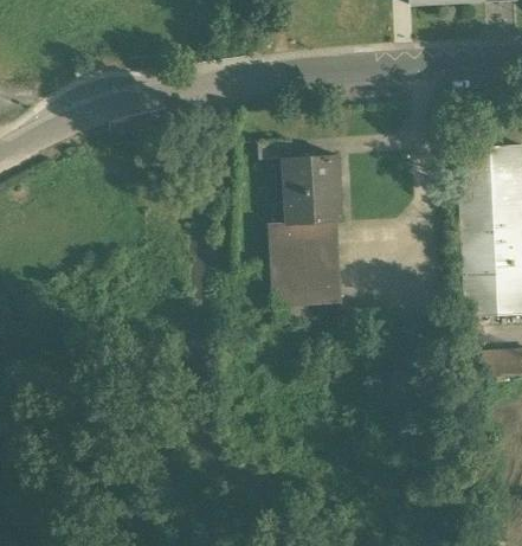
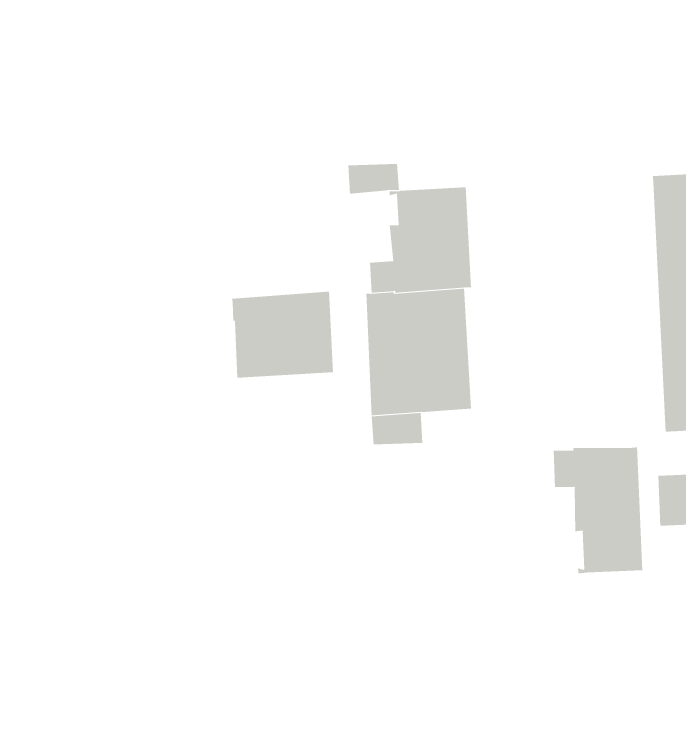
building: none -> [232,291,334,379]
building: none -> [553,446,643,574]

